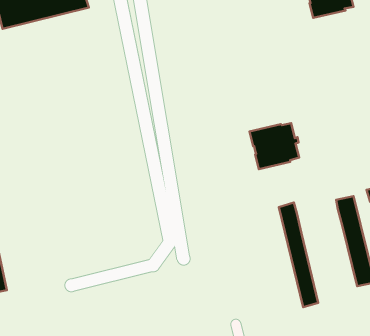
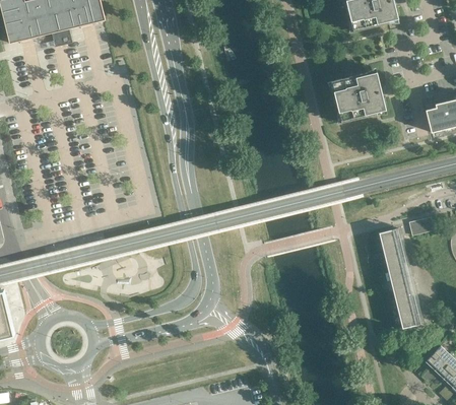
building: [250,123,299,169] -> [330,72,385,123]
building: [279,203,318,307] -> none

